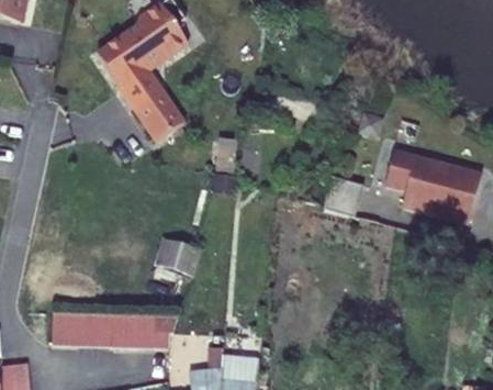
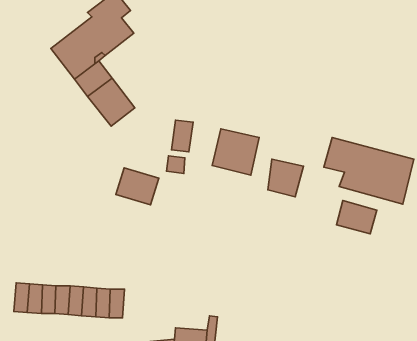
building: none -> [212,129,259,175]
building: none -> [337,200,377,234]
building: [159,234,205,274] -> [116,168,159,205]

